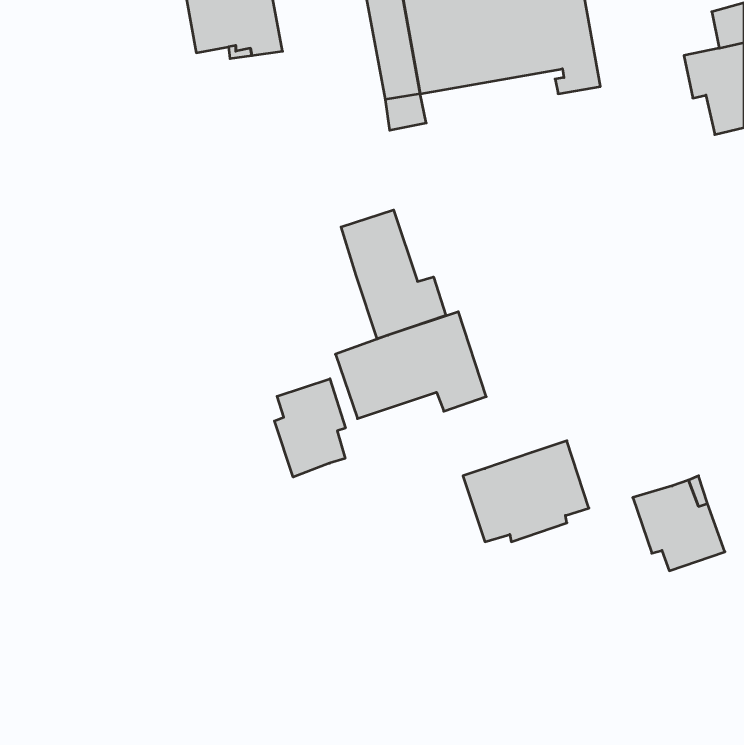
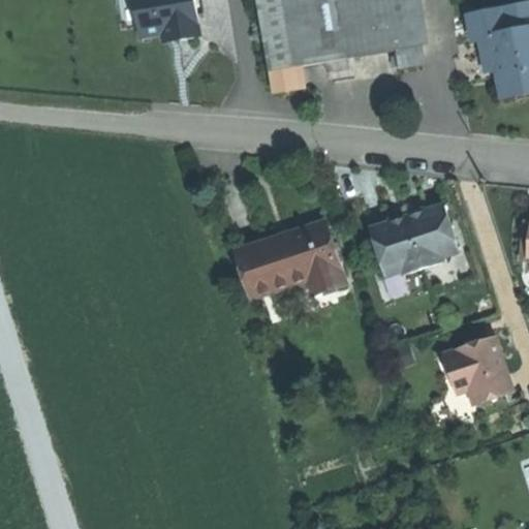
building: none -> [468,8,507,41]
building: [341,210,446,339] -> none
building: [274,379,345,477] -> none
building: [463,441,589,542] -> [368,203,457,274]

